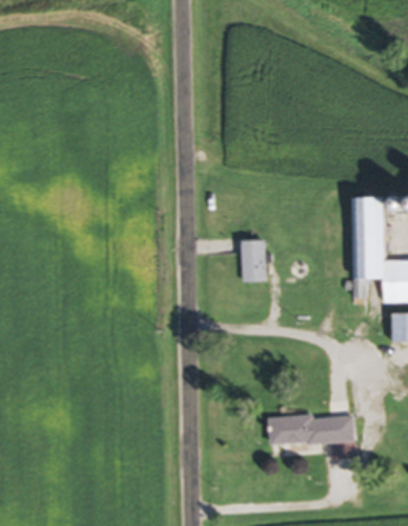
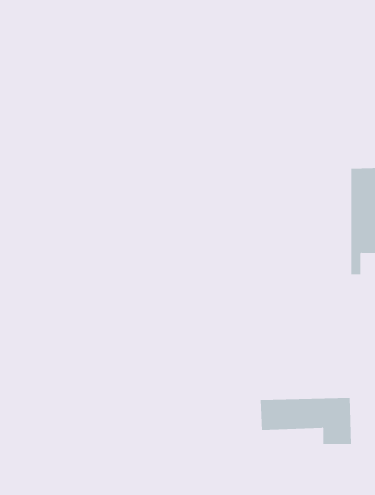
building: [242,240,266,281] -> none

